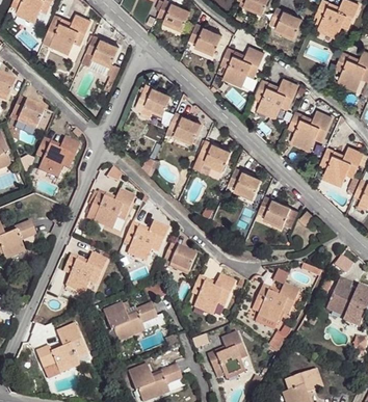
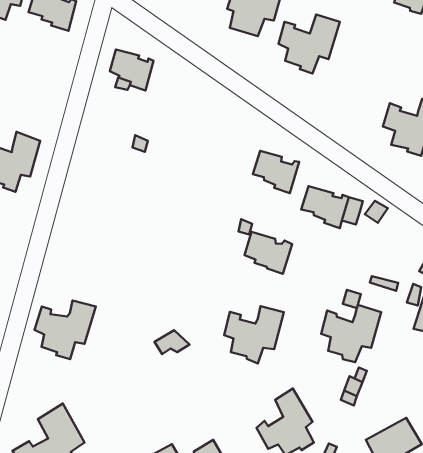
building: [290,112,334,153] -> none
building: [166,113,201,145] -> none
building: [191,141,231,180] -> none
building: [90,188,134,227] -> none
building: [125,221,169,261] -> none
building: [164,243,199,275] -> [244,232,292,274]
building: [102,304,154,341] -> none

